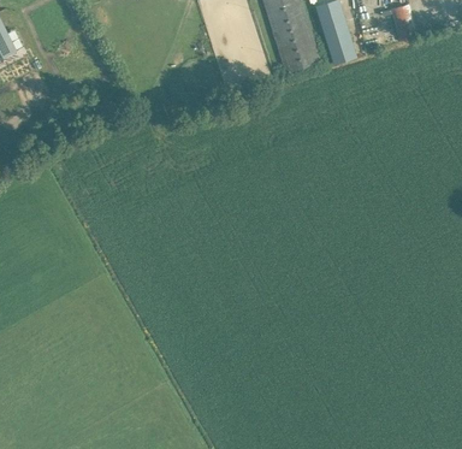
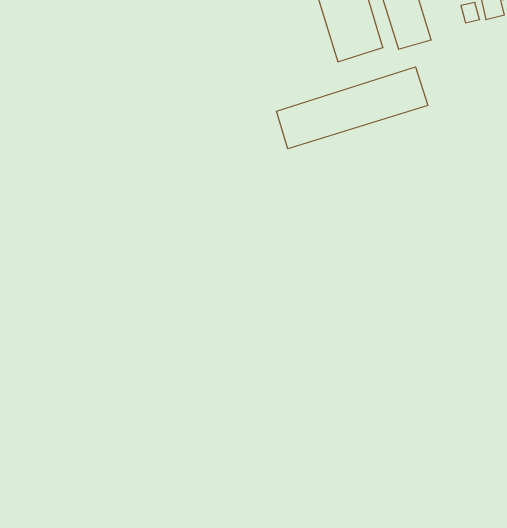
building: none -> [276,67,428,149]

